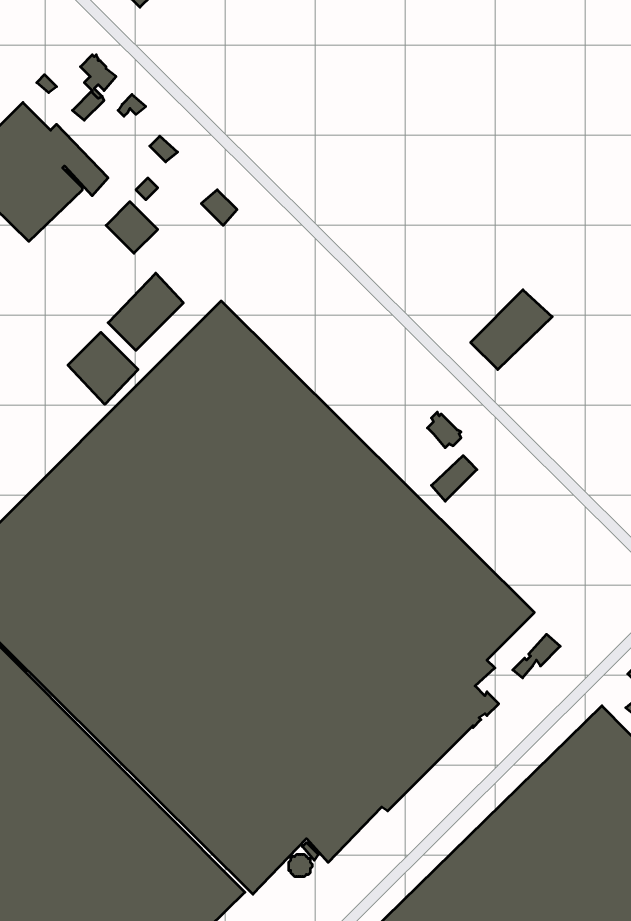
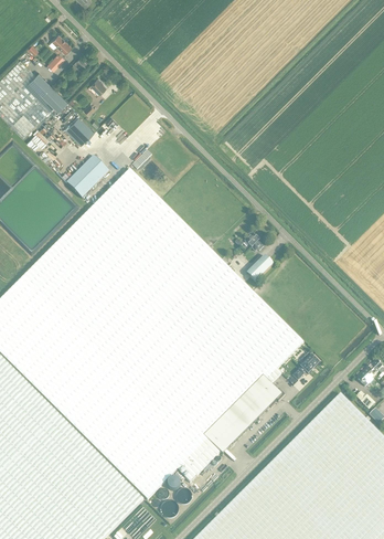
building: [471,290,552,370] -> none
building: [68,332,138,404] -> none

